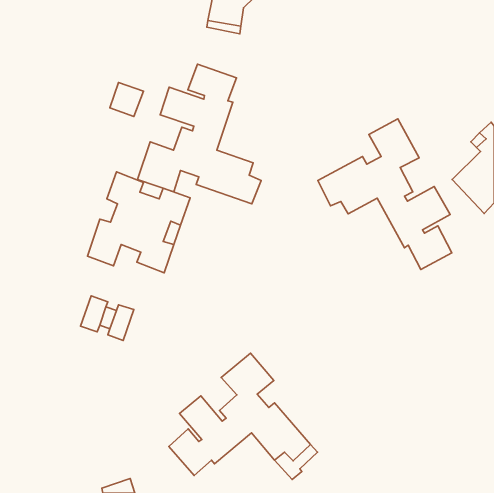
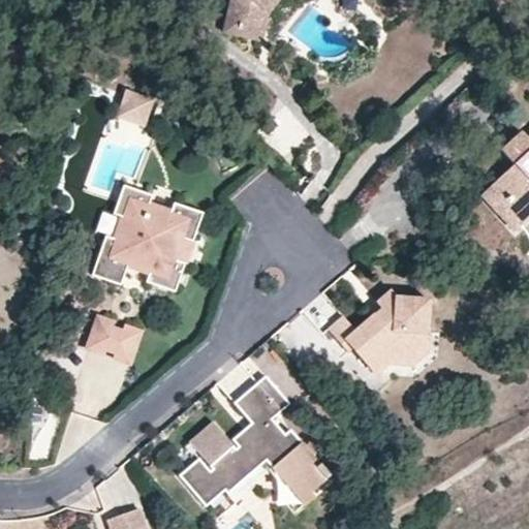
building: [138,64,261,204] -> none
building: [318,119,452,270] -> none
building: none -> [330,289,432,372]

